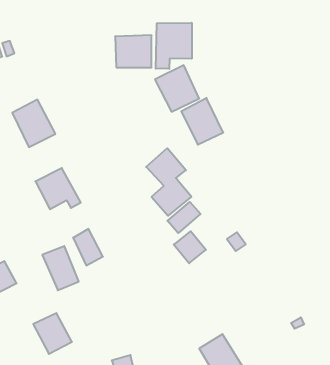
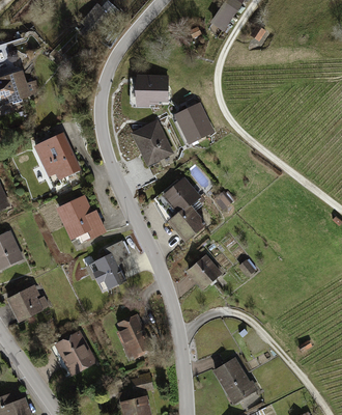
building: [156,23,192,69] -> none
building: [181,98,223,145] -> [132,120,171,164]
building: [167,202,201,233] -> none
building: [42,246,79,290] -> [115,315,149,357]

